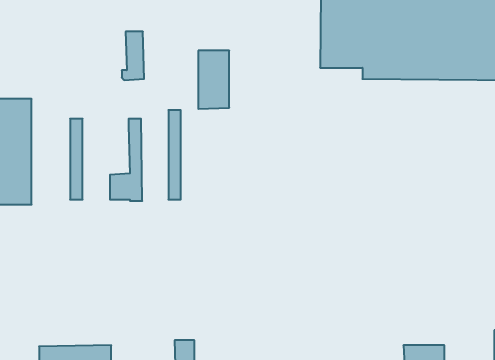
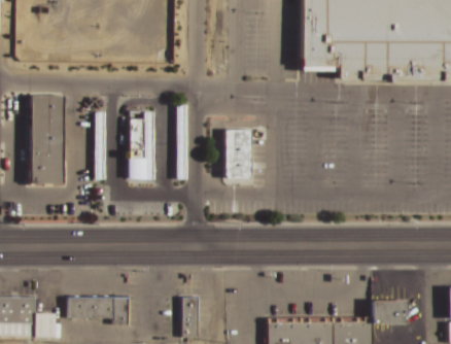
building: [122,32,144,80] -> [126,118,144,159]
building: [198,51,229,109] -> [224,129,250,177]

